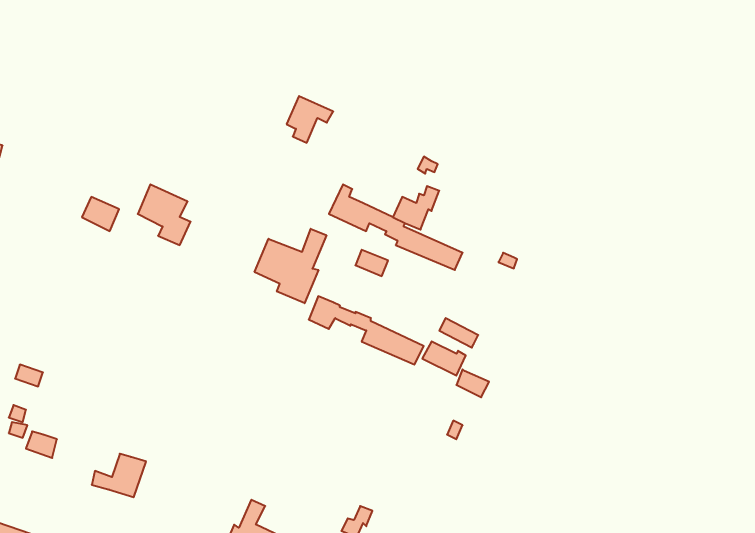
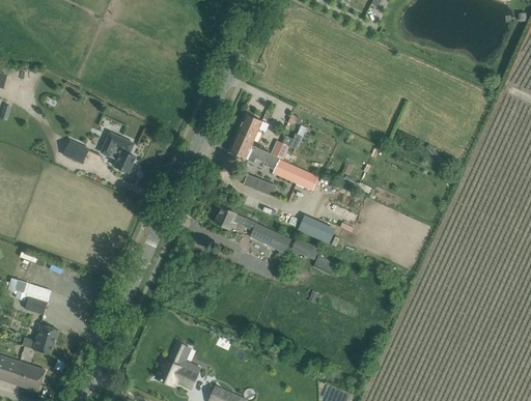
building: [287,96,333,143] -> [237,113,269,144]
building: [255,229,326,303] -> none
building: [92,454,146,497] -> [22,324,58,353]

